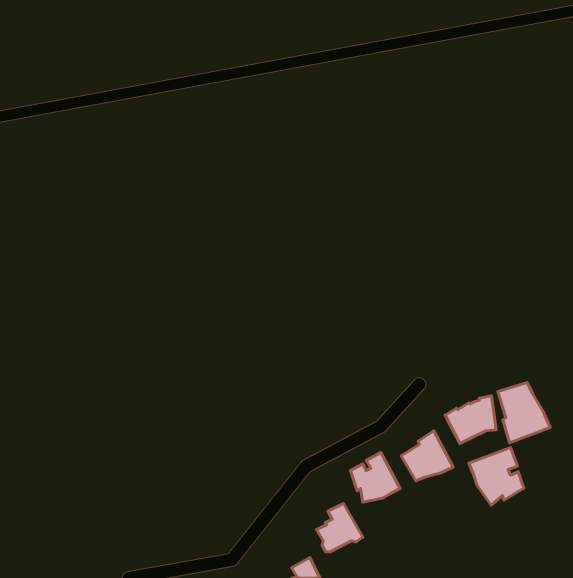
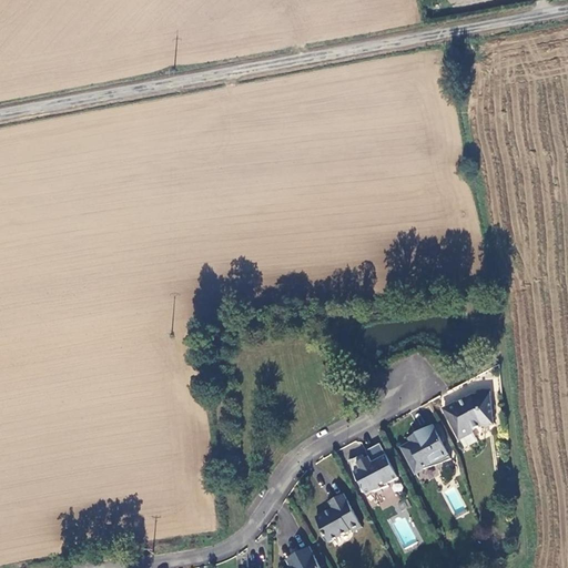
building: [498,382,550,443] -> none
building: [469,447,524,505] -> none

